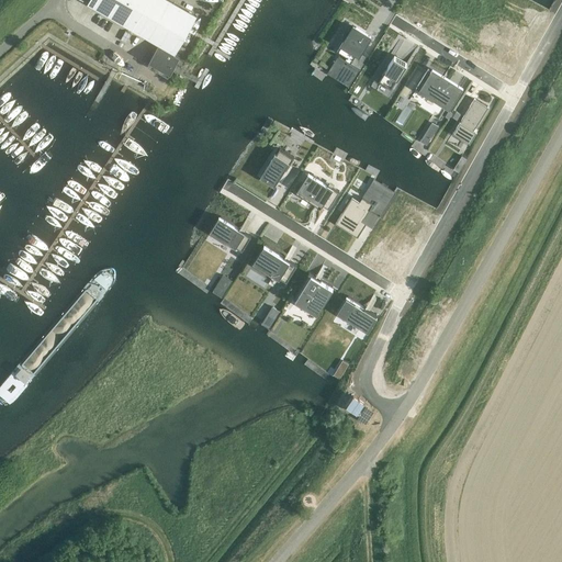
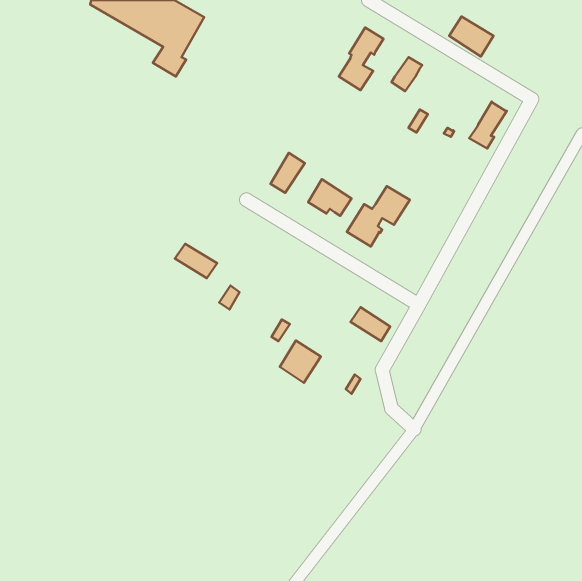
building: [415,71,458,110] -> [449,17,494,56]
building: [210,218,250,251] -> [175,244,217,278]
building: [254,246,296,283] -> none
building: [292,273,331,314] -> [280,341,321,383]

